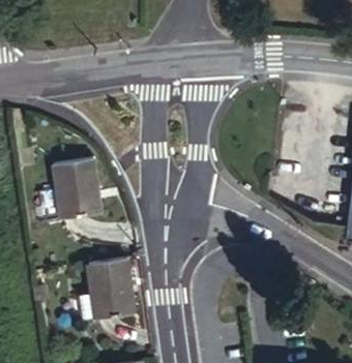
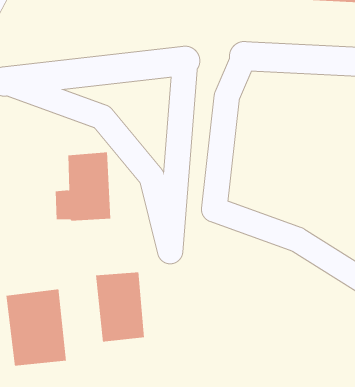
building: none -> [6,289,66,366]

